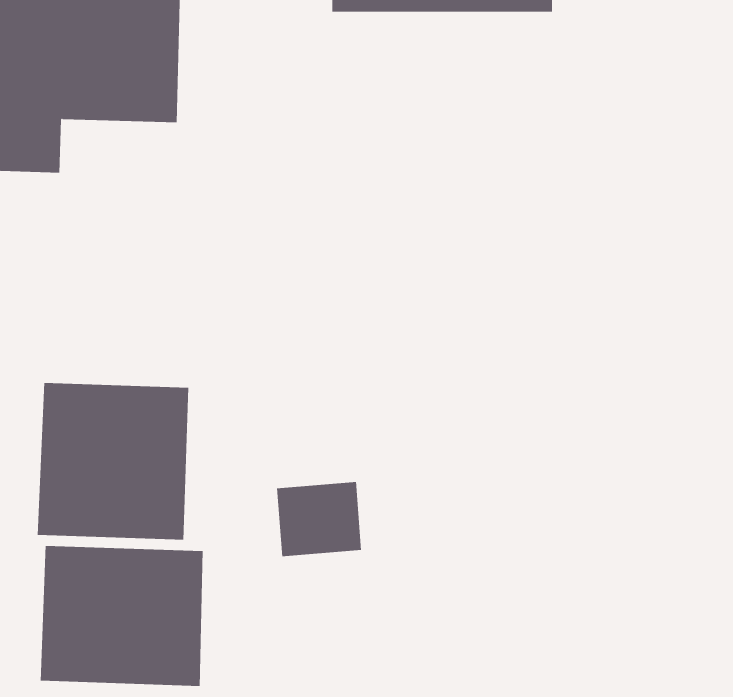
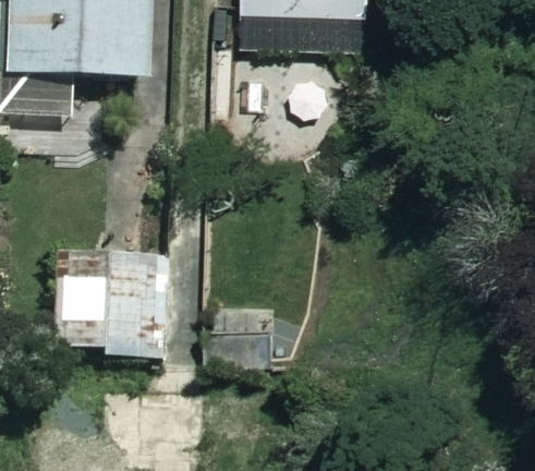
building: [40,545,203,687] -> none

